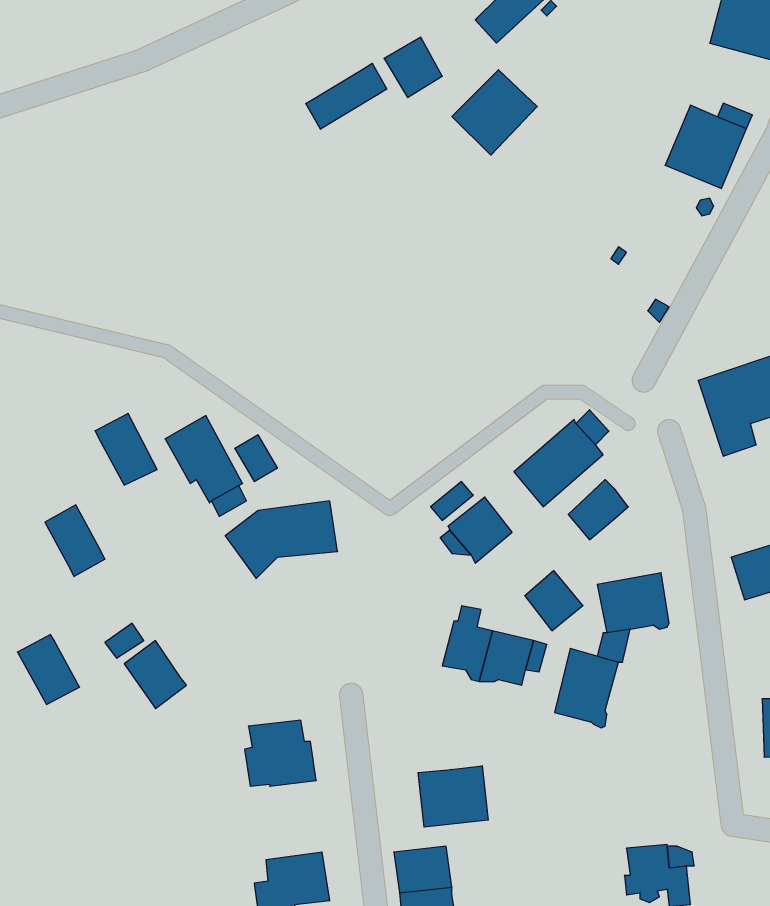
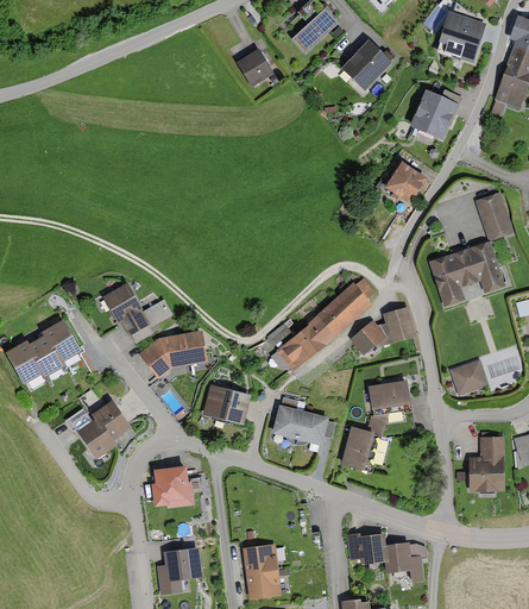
building: [306,63,387,129] -> none
building: [452,70,537,155] -> [340,40,392,93]
building: none -> [385,163,426,203]
building: [95,413,157,485] -> [45,320,83,364]
building: none -> [378,307,416,349]
building: [525,571,583,631] -> [298,315,334,352]
building: none -> [202,385,252,427]
building: none -> [93,401,132,441]
building: [17,635,80,704] -> [6,343,44,385]
building: [418,766,488,827] -> none
building: none -> [346,534,388,571]

